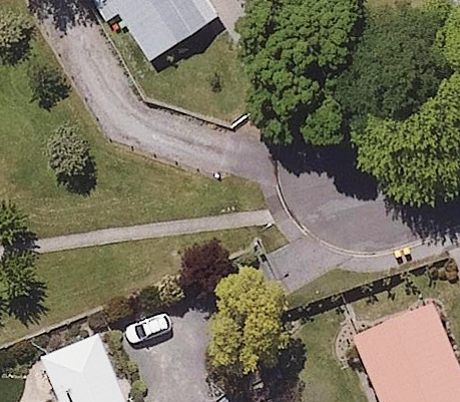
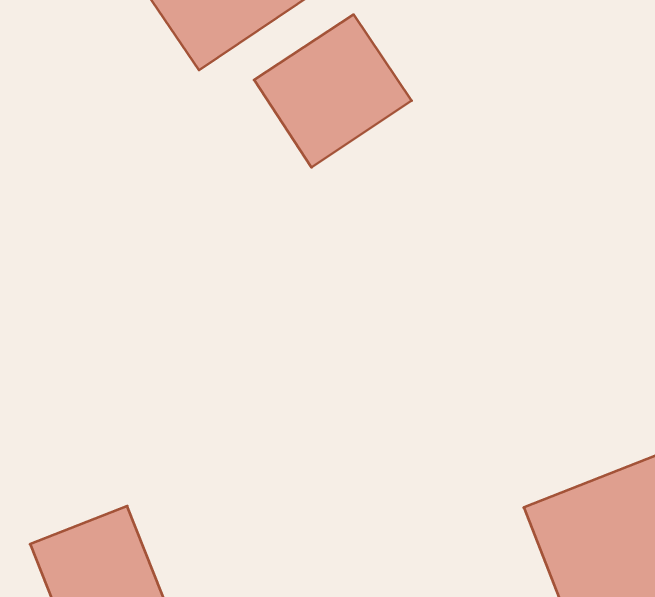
building: none -> [254,15,412,167]

